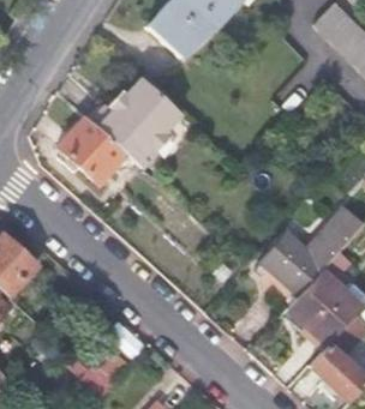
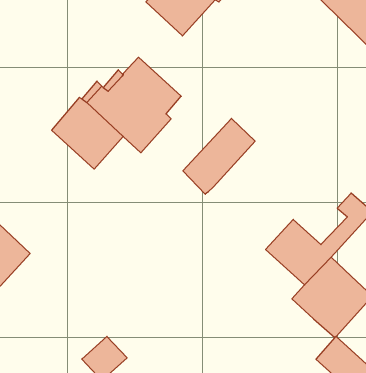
building: none -> [183,118,255,194]

